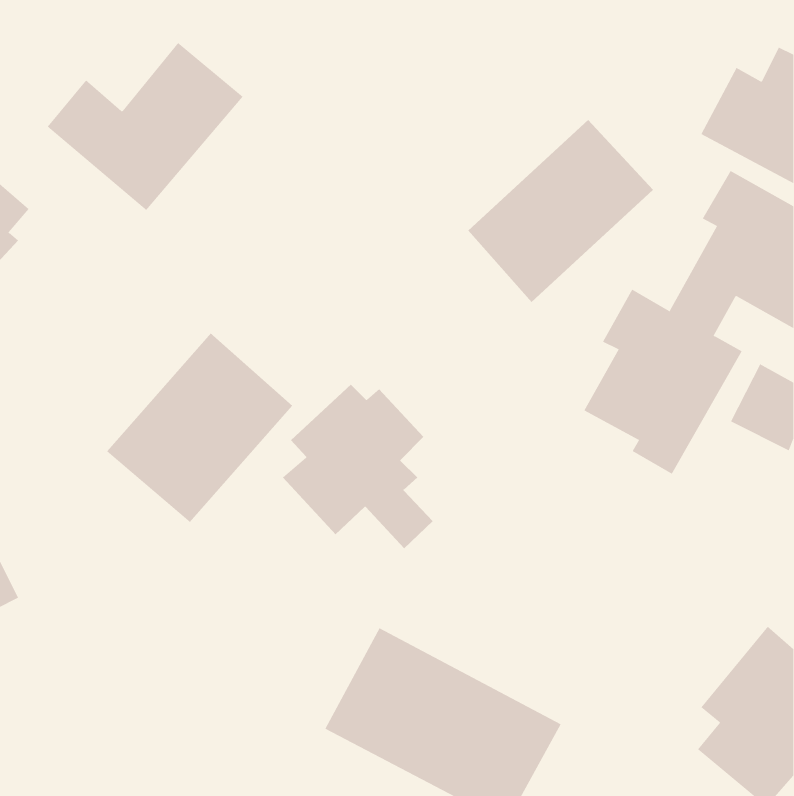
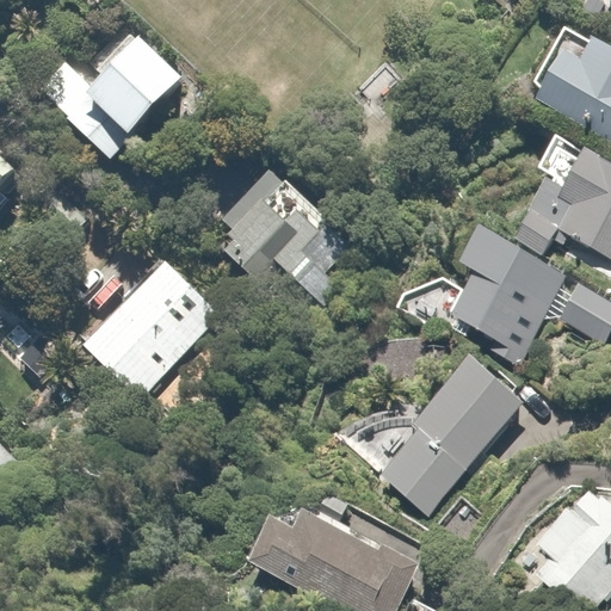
building: [467,119,654,303] -> none
building: [282,384,434,549] -> [223,173,339,300]
building: none -> [375,360,519,517]

